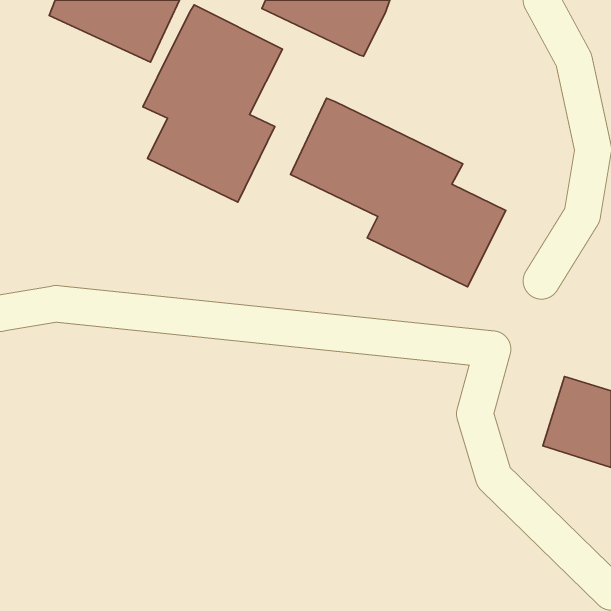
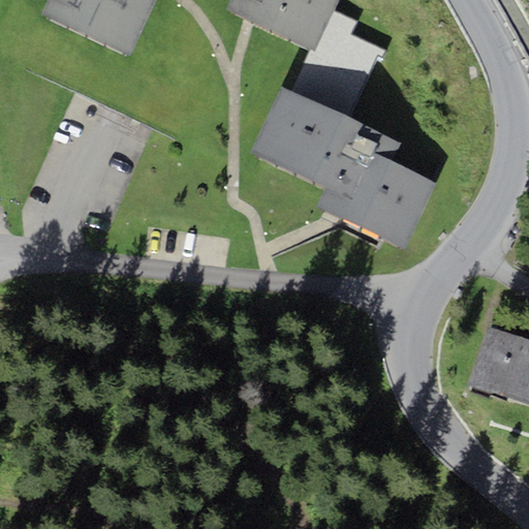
building: [143,5,282,202] -> none
building: none -> [289,11,387,117]

